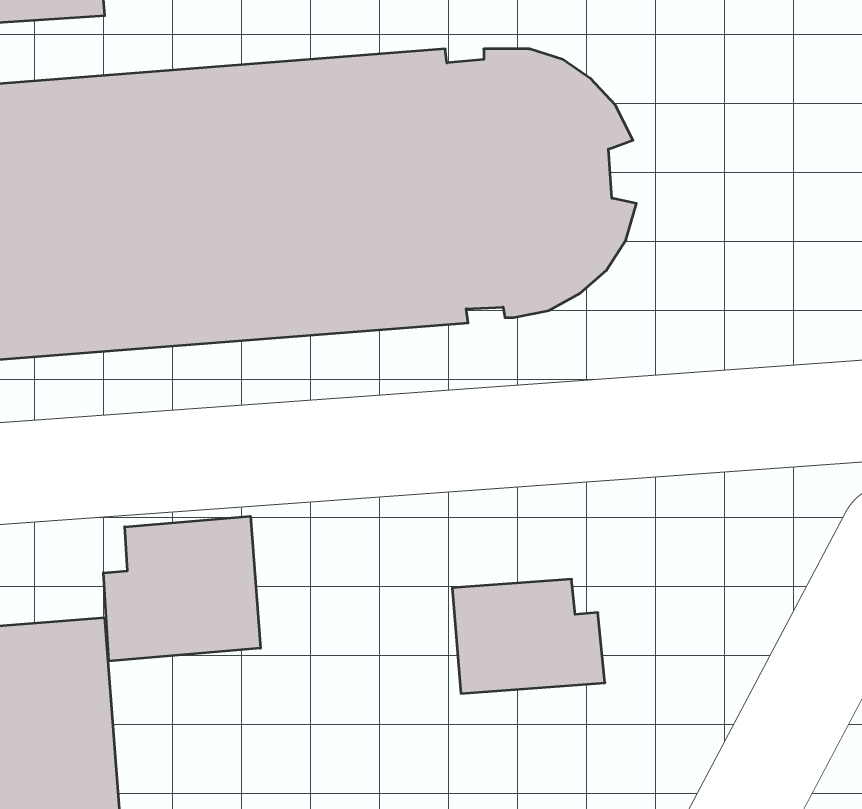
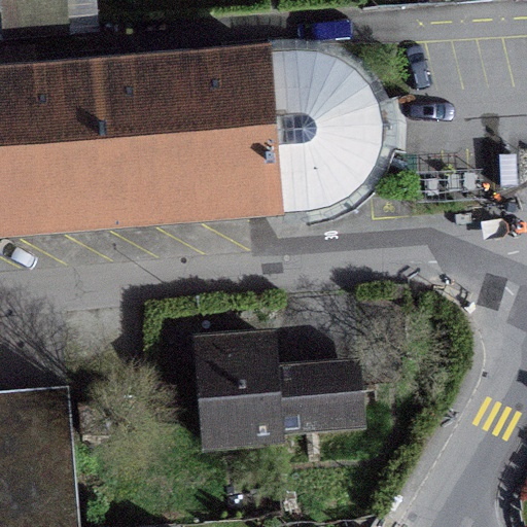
building: [103,516,260,661] -> none
building: none -> [197,335,274,440]

